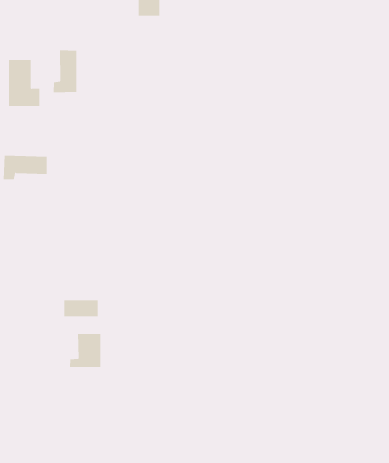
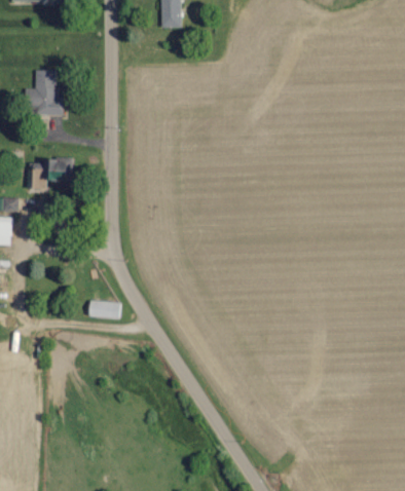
building: [53,50,77,93] -> none
building: [69,333,101,368] -> none

